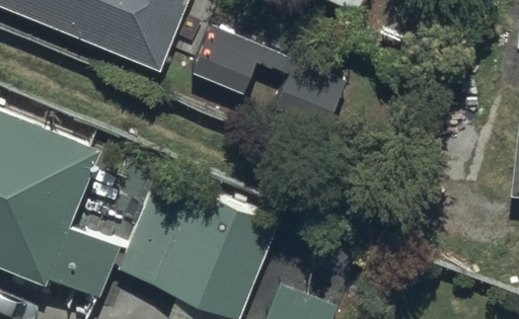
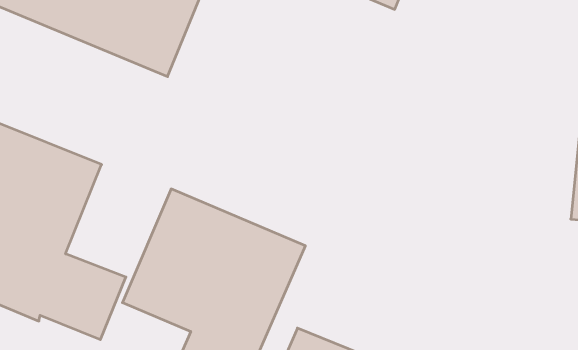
building: [194,24,345,130] -> none

